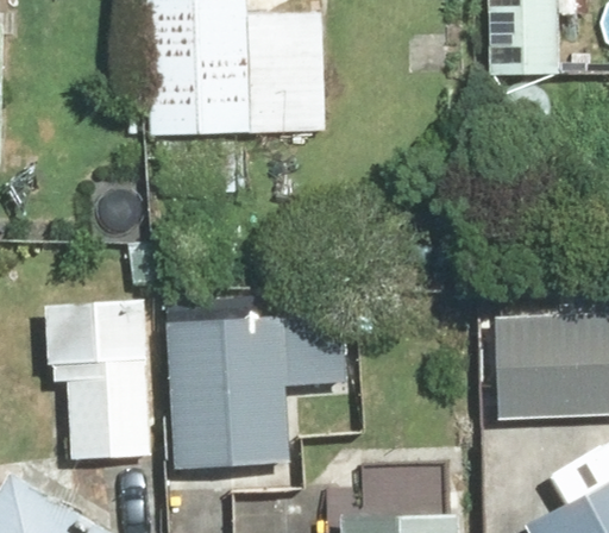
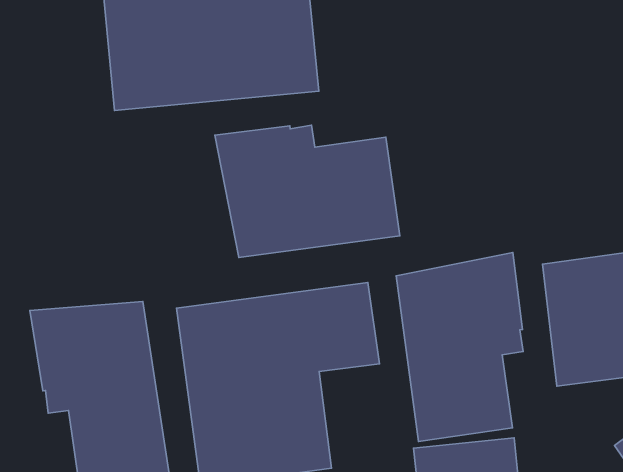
building: none -> [215,125,400,258]
building: none -> [396,252,523,441]

